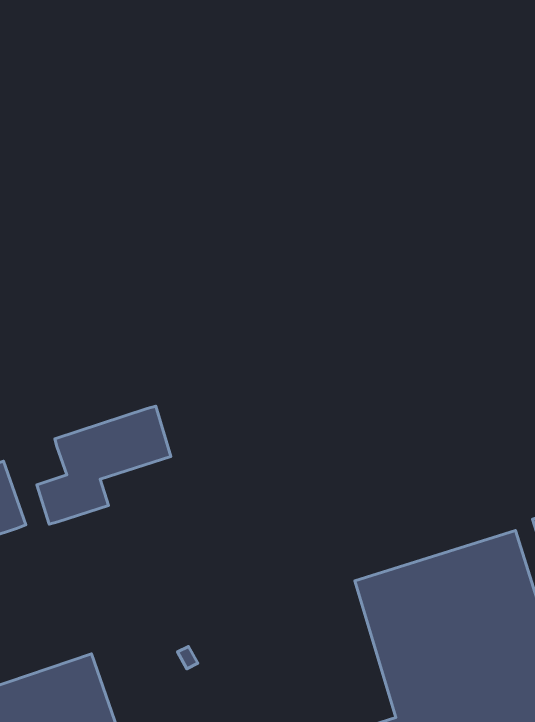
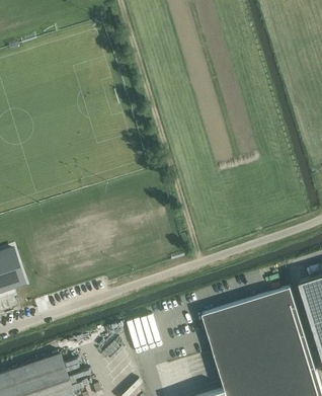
building: [37,406,171,524] -> none

